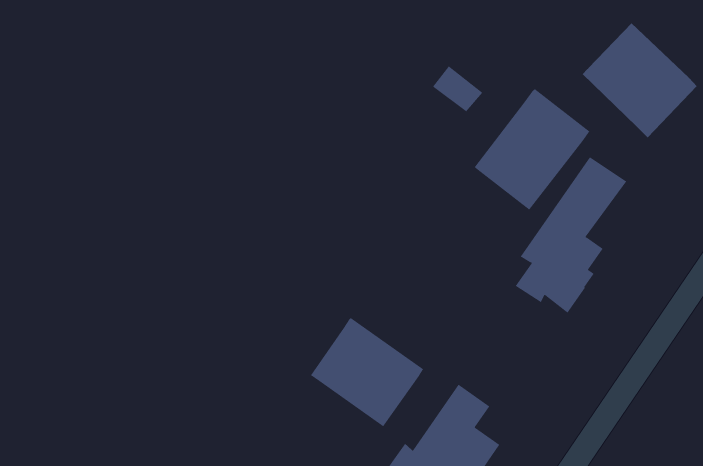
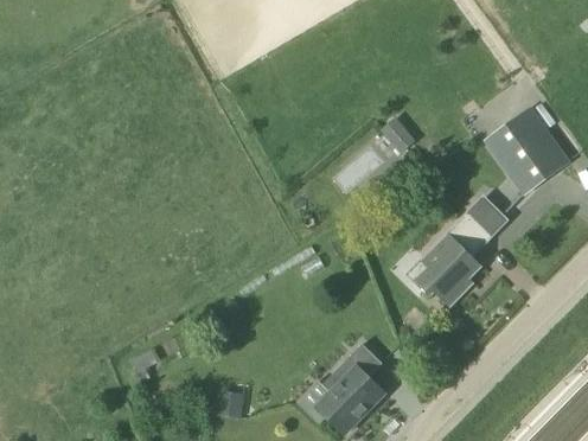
building: [474,88,590,210] -> none
building: [310,317,424,427] -> none

